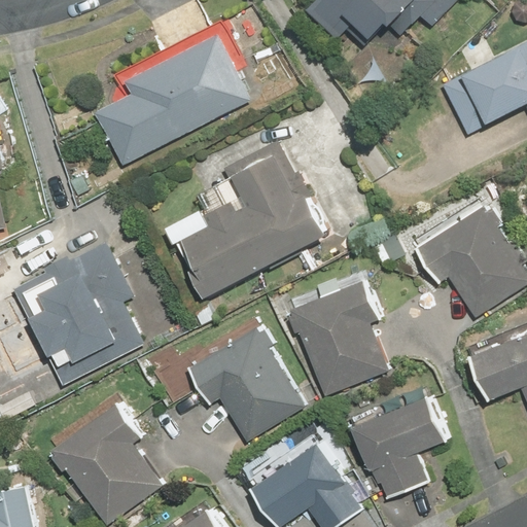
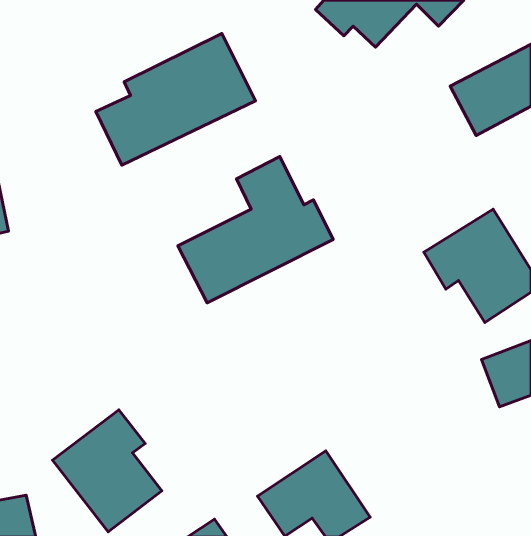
building: [14,244,143,385] -> none
building: [289,281,386,394] -> none
building: [187,325,306,444] -> none
building: [353,395,447,501] -> none

